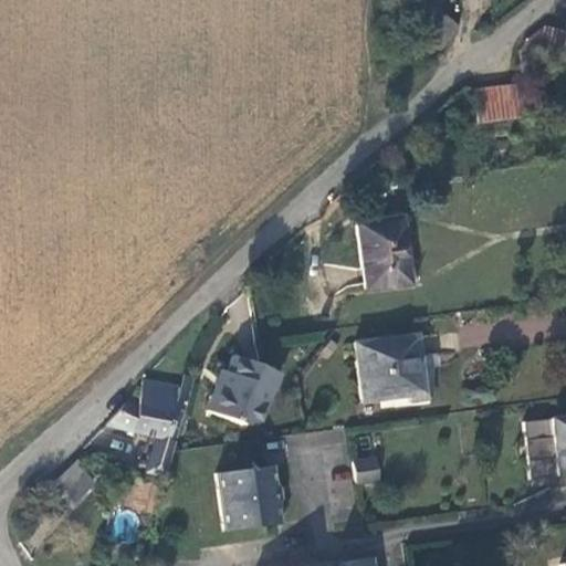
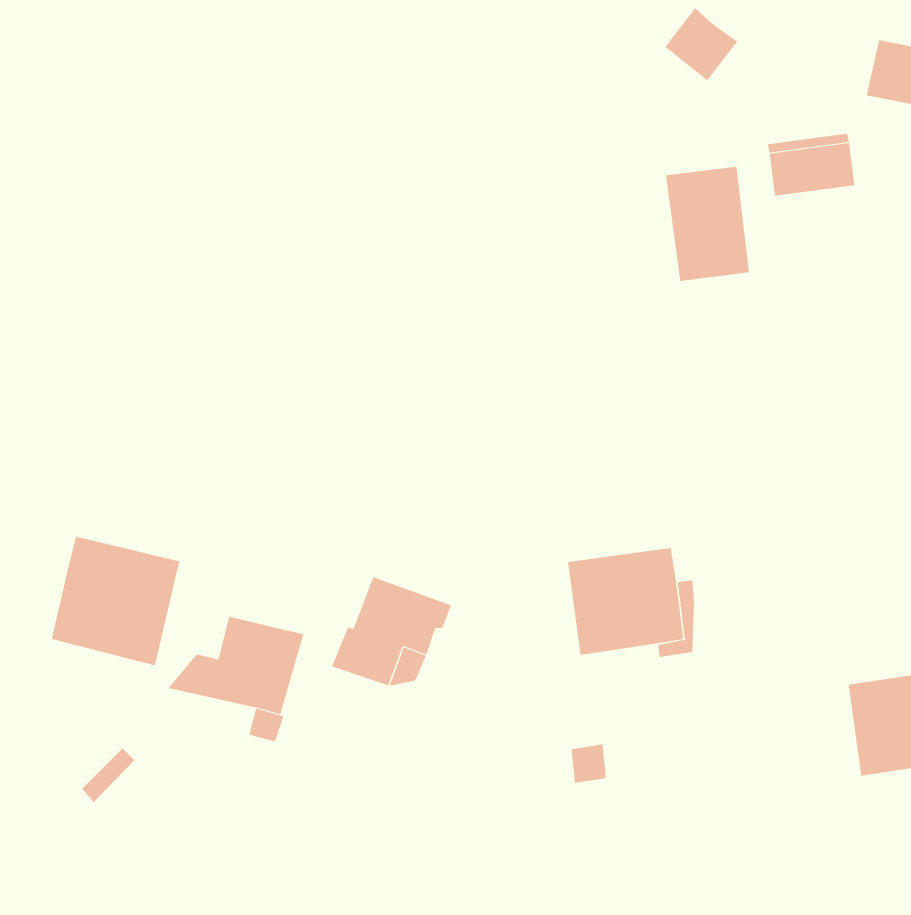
building: [358,217,410,287] -> [665,166,750,282]
building: none -> [51,536,180,666]
building: [219,465,283,528] -> none

